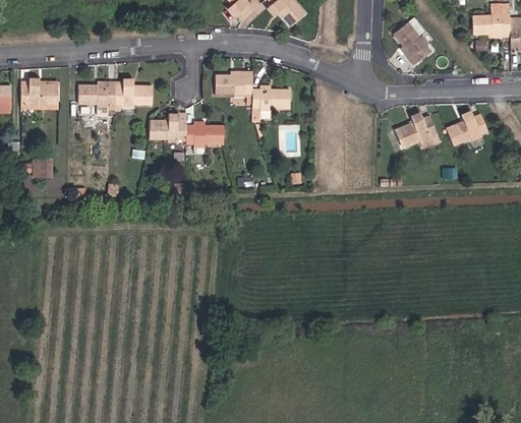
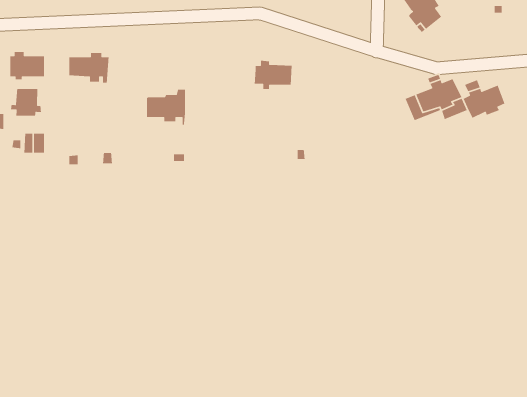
building: [216,73,253,103] -> none
building: [114,81,152,111] -> none
building: none -> [10,88,42,117]
building: [187,125,225,159] -> none

